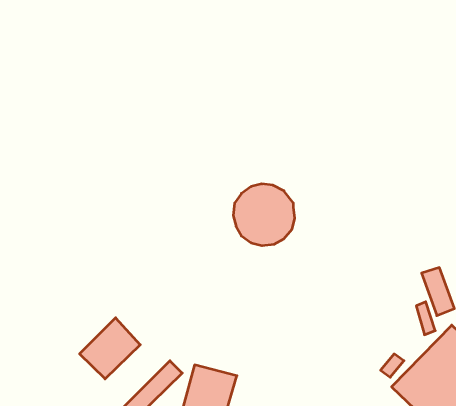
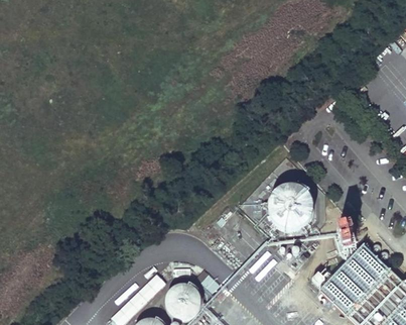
building: [233,184,295,246] -> [268,186,313,231]
building: [80,318,140,379] -> none

